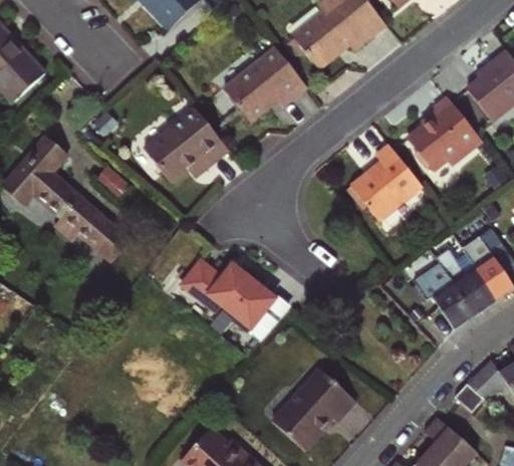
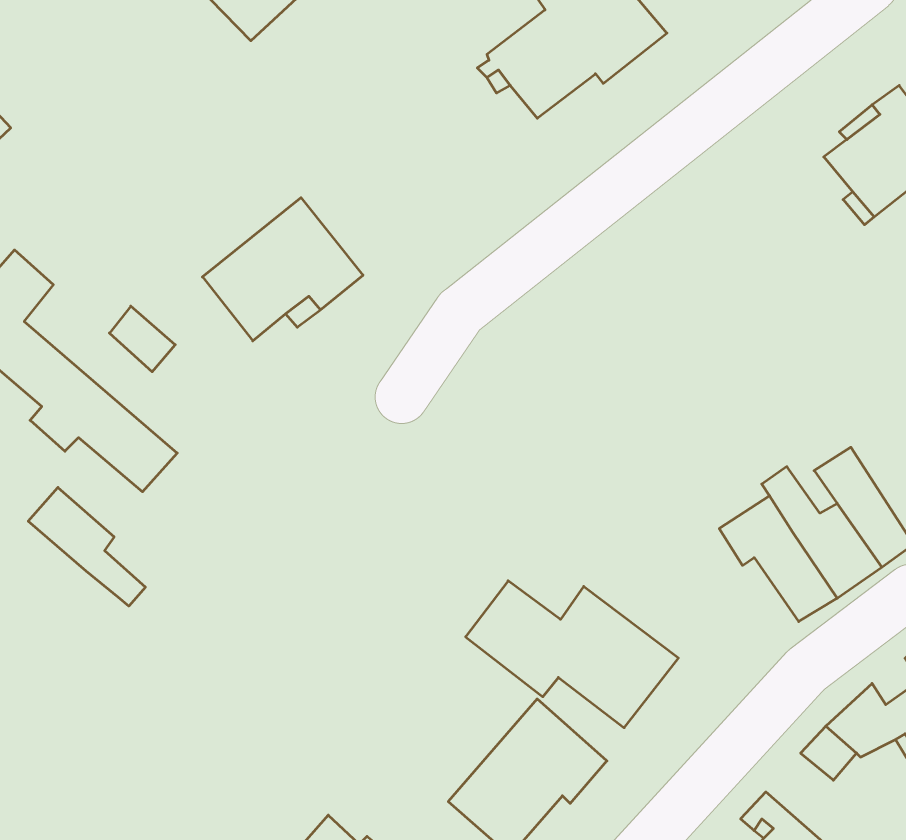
building: [223,48,305,122] -> none
building: [406,96,481,171] -> none
building: [350,144,421,220] -> none
building: [182,252,292,328] -> [466,581,678,728]
building: none -> [28,487,145,606]

